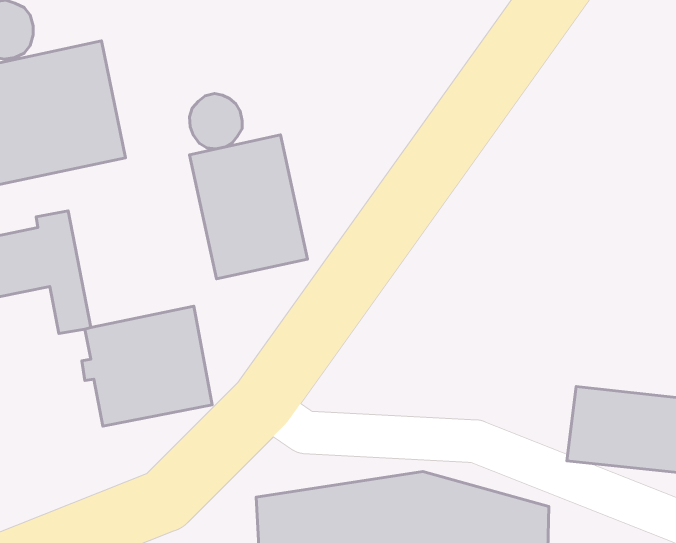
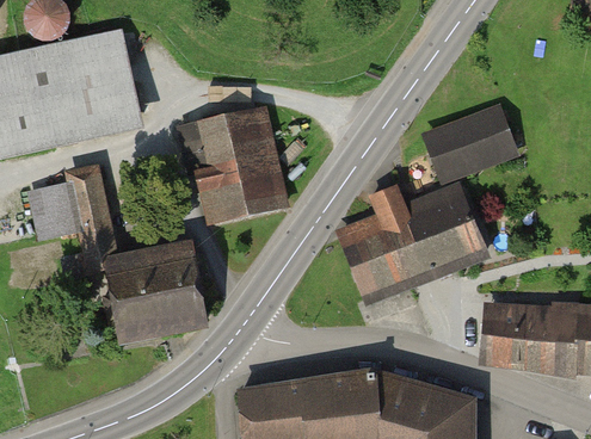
building: [189,94,242,149] -> none
building: none -> [424,109,515,178]
building: none -> [343,186,486,296]

